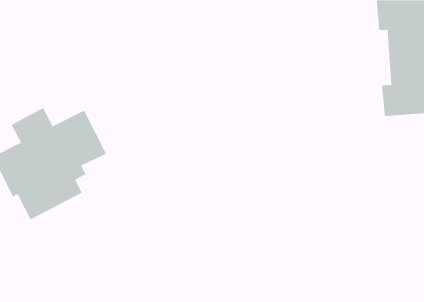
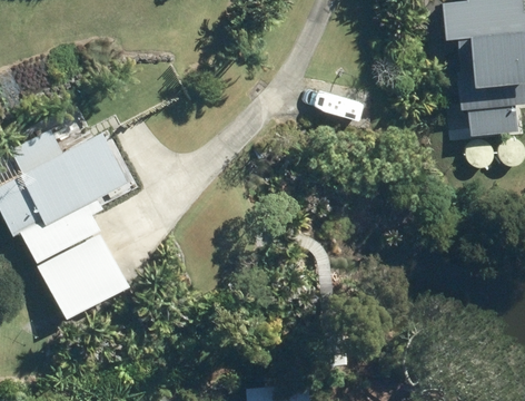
building: none -> [39,237,130,320]

